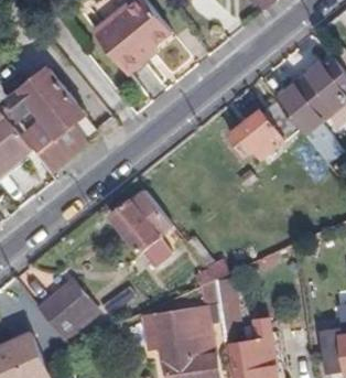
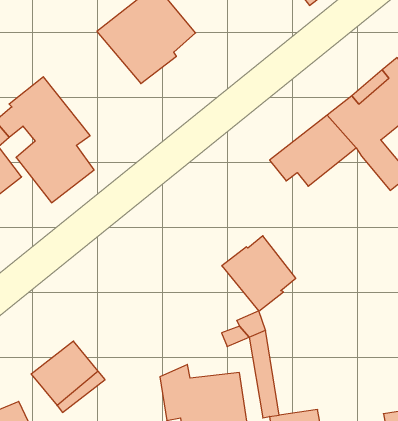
building: [111,191,171,251] -> [222,236,296,311]

